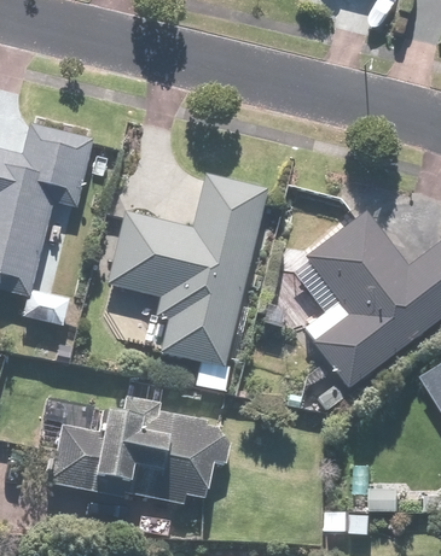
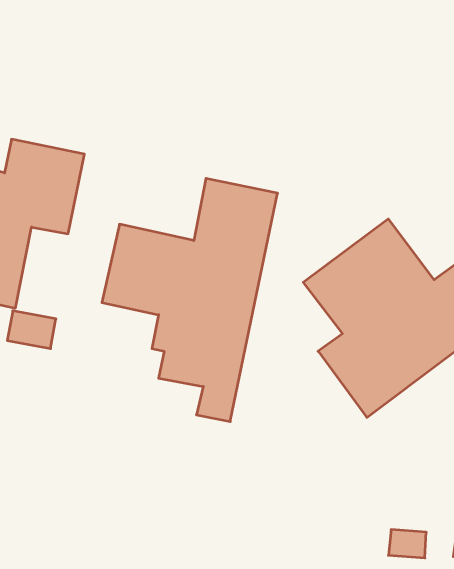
building: [54,397,230,504] -> none

